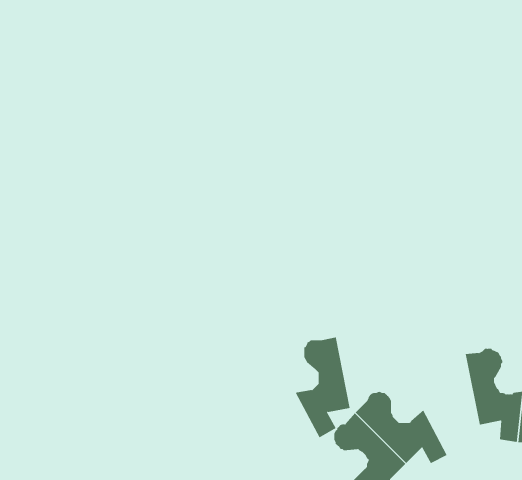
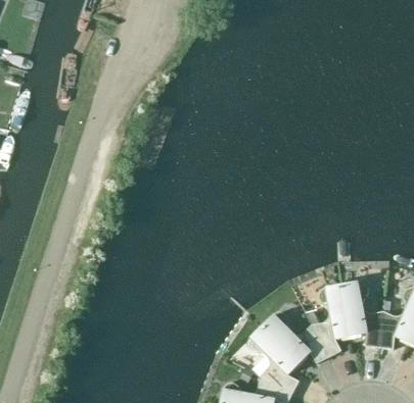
building: [295,337,351,438] -> [312,285,352,357]

